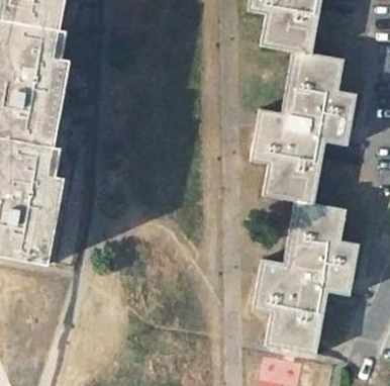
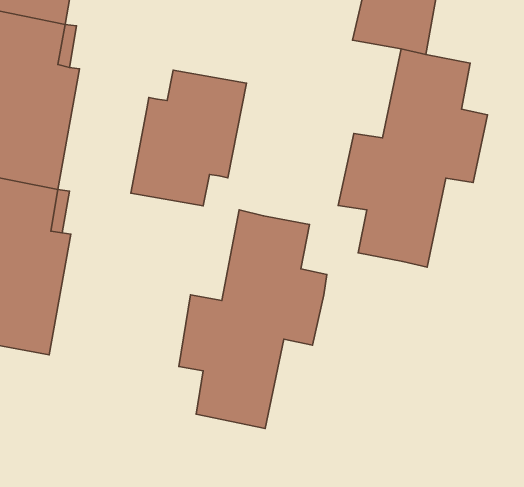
building: none -> [131,70,246,206]
building: [254,198,358,352] -> [179,210,327,428]

